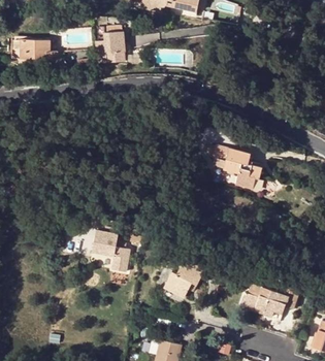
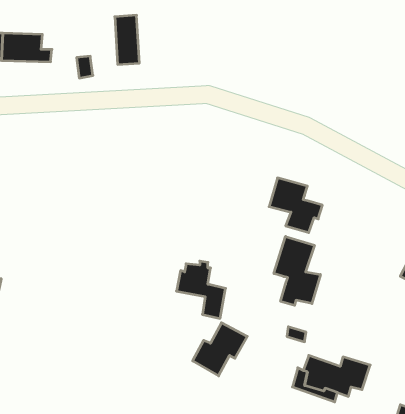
building: none -> [274,236,320,305]
building: [92,228,129,271] -> [176,261,226,318]

